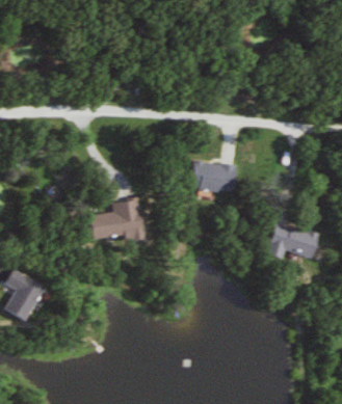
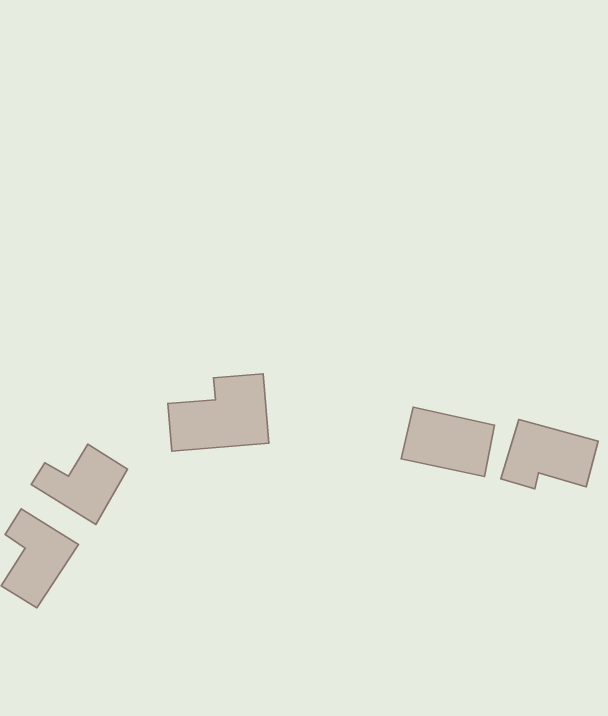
building: [190,159,239,195] -> [401,407,494,477]
building: none -> [31,444,128,525]

